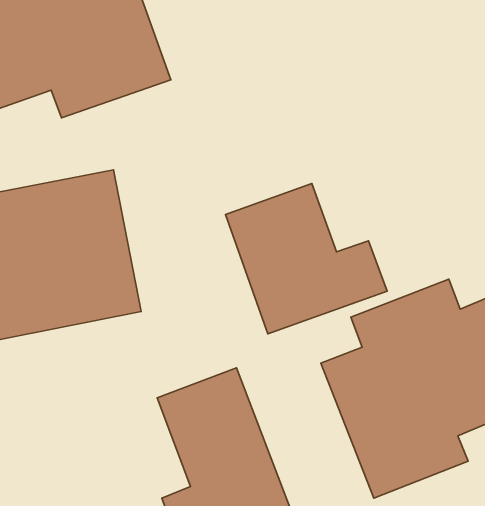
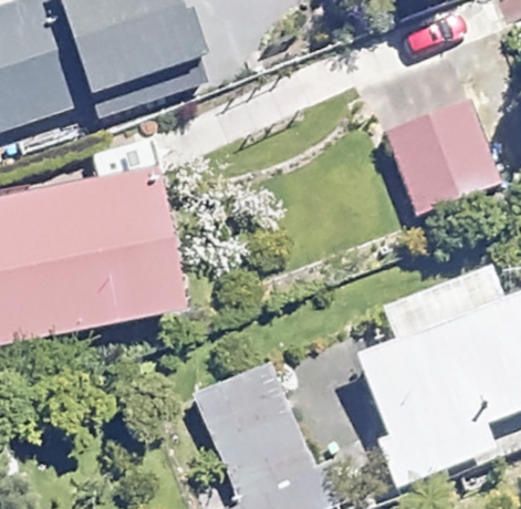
building: none -> [381,101,501,220]
building: [225,183,387,334] -> none

